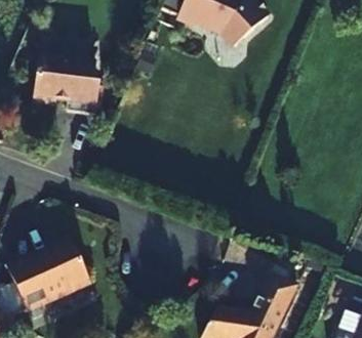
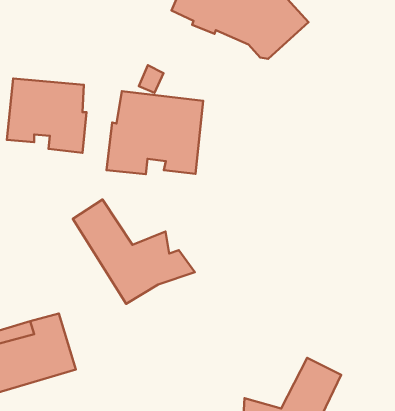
building: none -> [107,91,203,174]
building: none -> [73,200,195,304]

